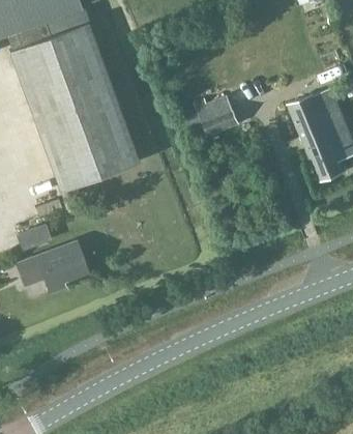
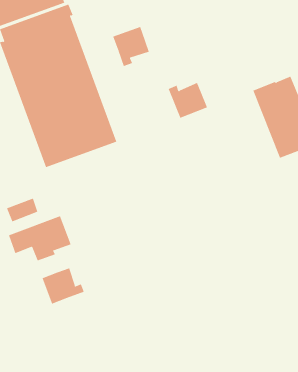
building: none -> [113,26,150,67]
building: none -> [42,268,85,304]

